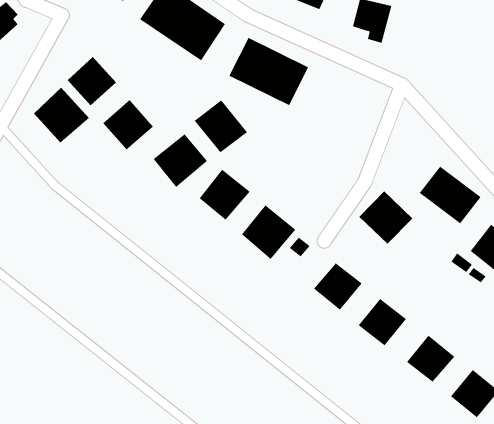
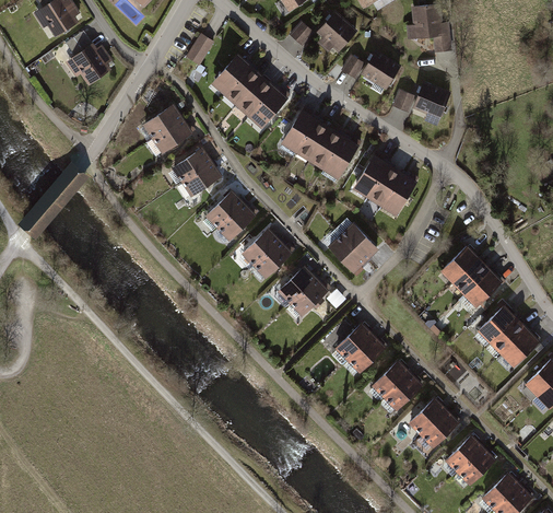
building: none -> [356,152,420,212]
building: [33,87,90,144] -> none
building: [194,100,248,153] -> none
building: [358,190,413,245] -> [331,220,380,269]

